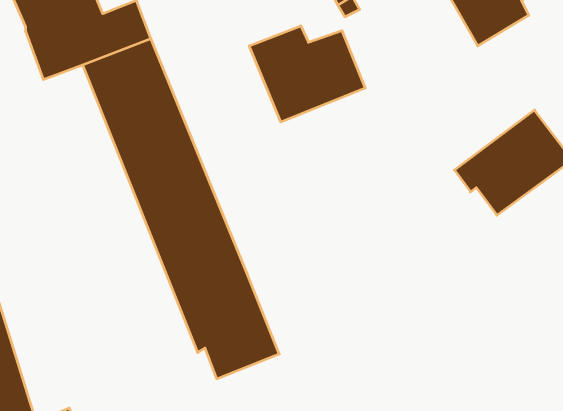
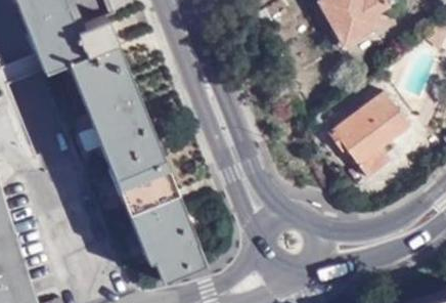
building: [249,26,365,122] -> none

